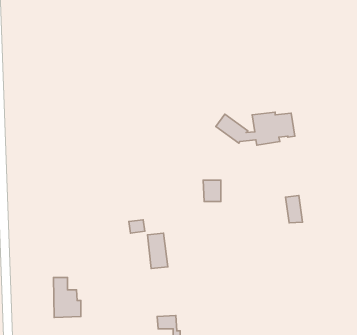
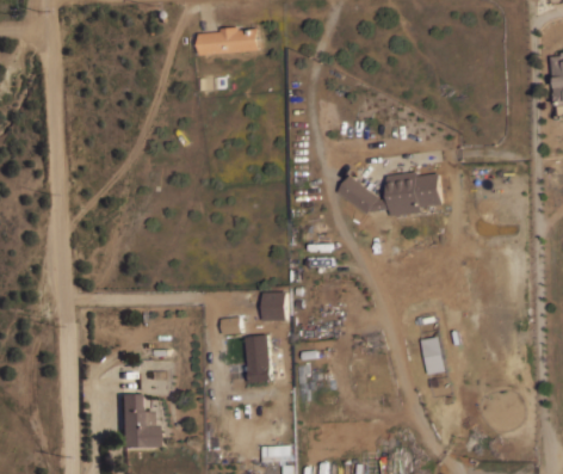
building: none -> [199,26,260,55]
building: [203,180,221,202] -> [262,291,286,320]
building: [285,195,302,223] -> [419,337,441,374]

